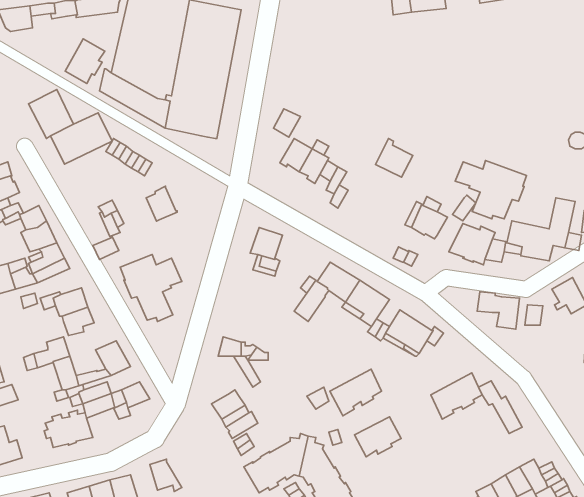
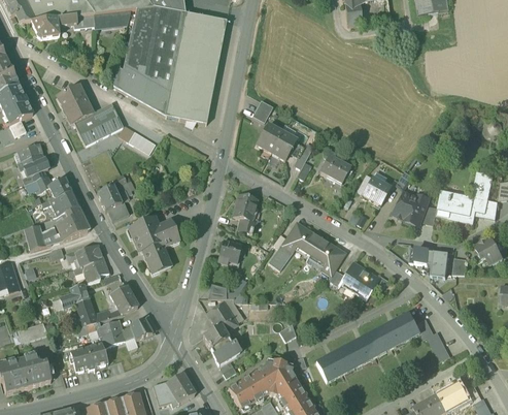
building: [65,39,105,83] -> none
building: [376,139,413,177] -> [321,153,351,184]
building: [455,161,526,219] -> none
building: [146,186,177,221] -> [97,183,122,211]
building: none -> [217,241,241,266]
building: none -> [207,304,236,331]
building: [330,369,381,416] -> [344,329,385,366]
building: none -> [166,373,195,404]

